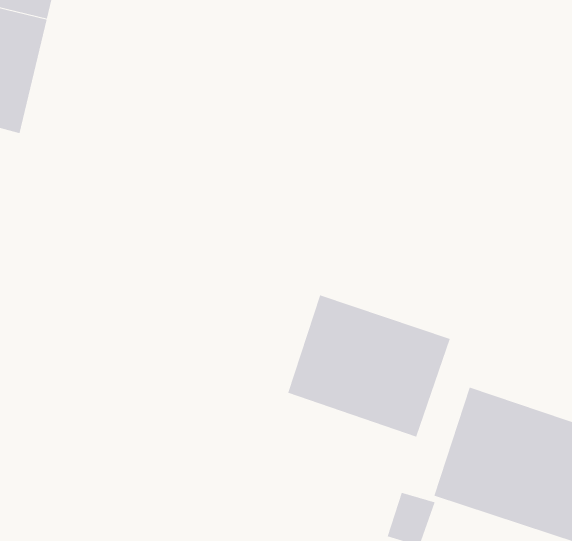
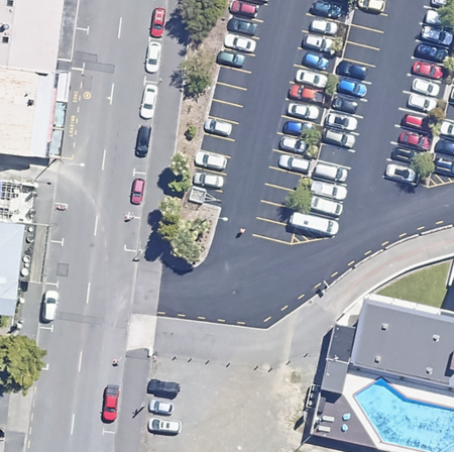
building: [287,294,451,438] -> none

